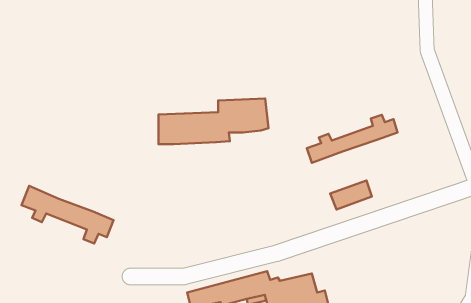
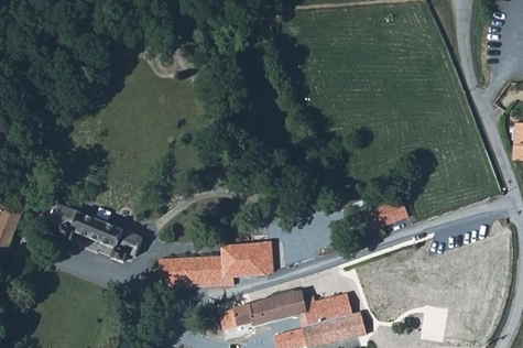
building: [158,98,268,144] -> [160,241,273,289]
building: [307,115,398,163] -> none

